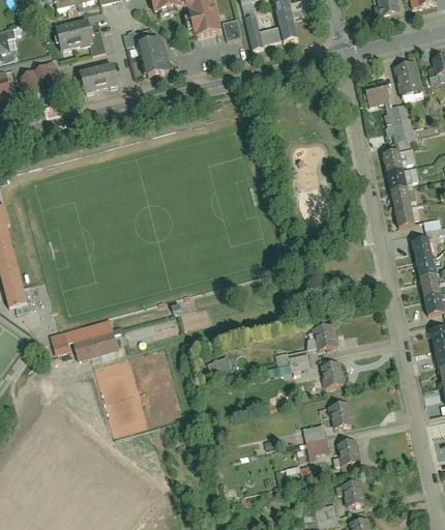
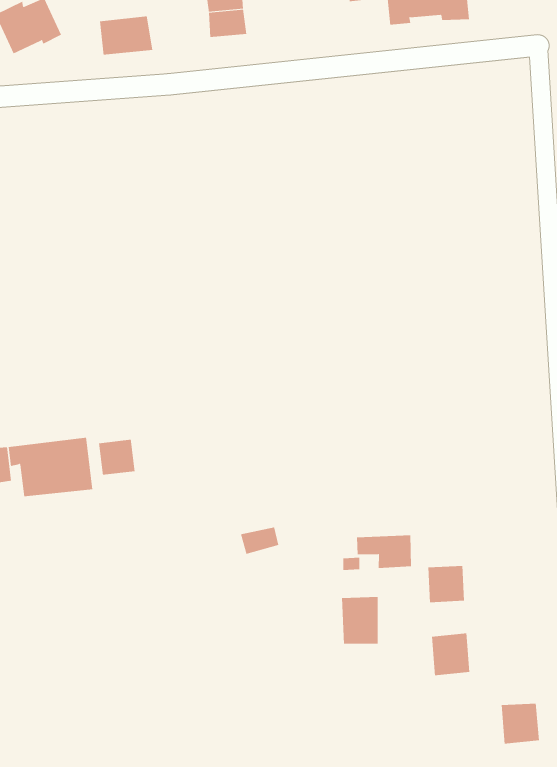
building: none -> [99,439,135,476]
building: [315,323,340,350] -> none
building: [304,422,330,453] -> [341,596,379,644]
building: [336,439,362,466] -> [501,703,540,744]

